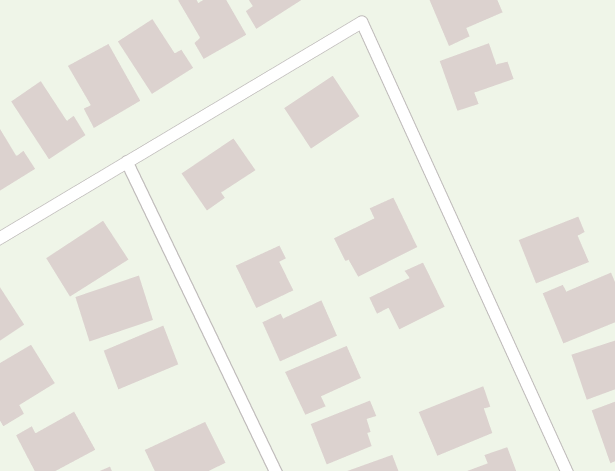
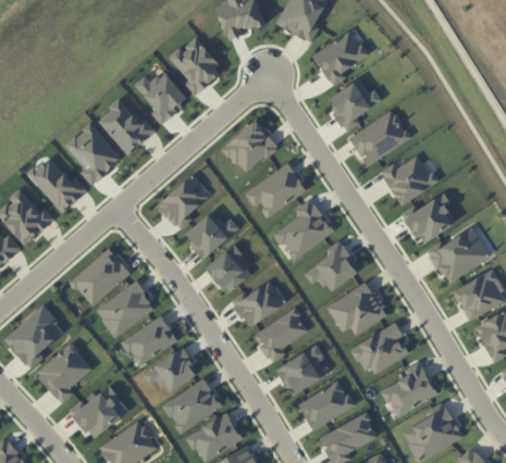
building: none -> [349,110,411,165]
building: none -> [245,163,307,216]
building: none -> [381,154,437,205]
building: none -> [184,212,240,259]
building: none -> [326,281,388,335]
building: none -> [144,348,199,395]

